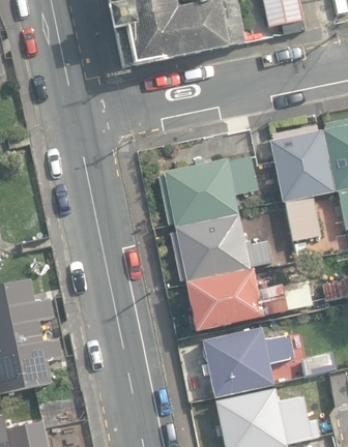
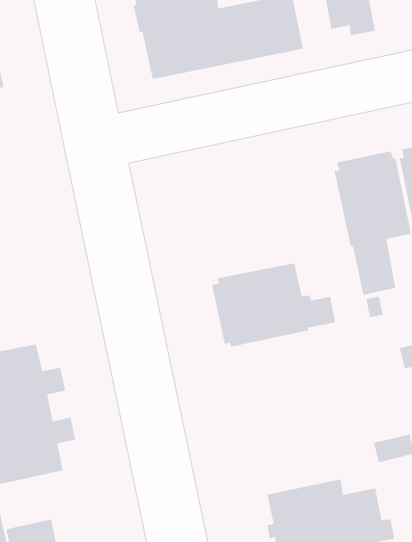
building: [158,156,257,227] -> none
building: [184,268,312,330] -> none
building: [201,327,295,396] -> none

